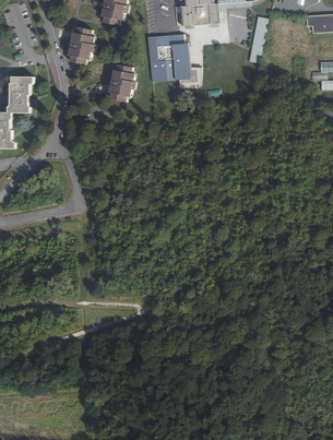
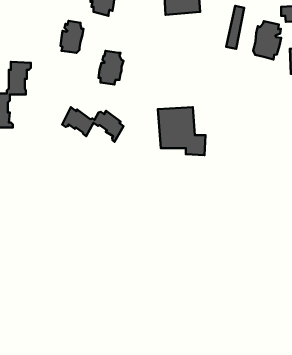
building: none -> [253,21,281,60]
building: [150,36,202,88] -> [158,107,206,155]
building: none -> [62,107,123,142]

